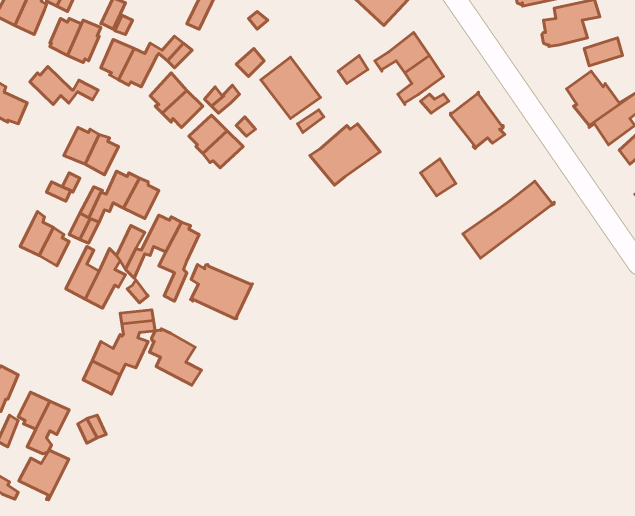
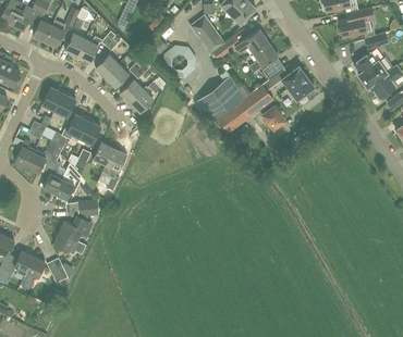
building: none -> [190,15,220,48]
building: [30,66,98,105] -> none
building: [463,181,554,258] -> [216,85,272,133]
building: [190,264,253,319] -> none
building: [149,329,201,385] -> none
building: [19,450,69,500] -> none

